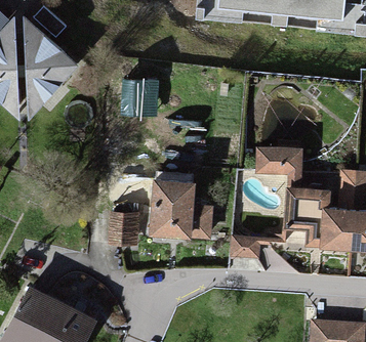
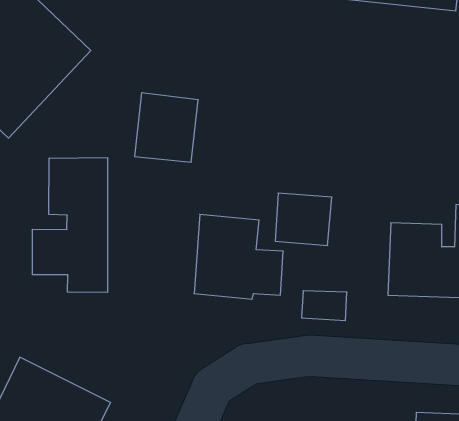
building: none -> [33,158,107,292]
building: [258,141,299,179] -> [275,193,332,245]
building: [110,209,137,241] -> none

